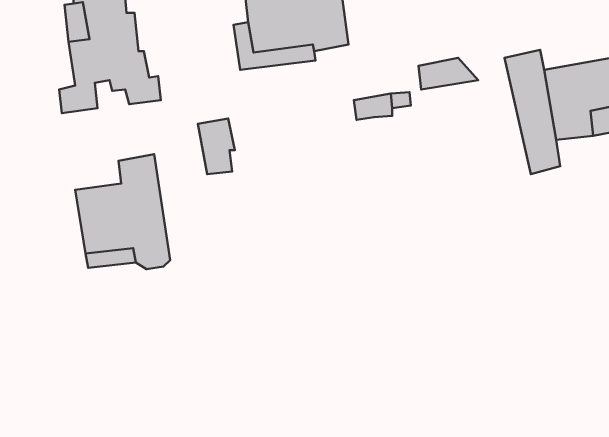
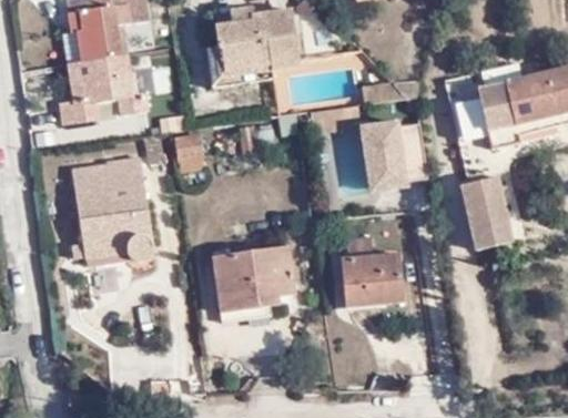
building: none -> [353,125,414,196]
building: none -> [450,173,505,247]
building: none -> [334,239,395,309]
building: none -> [217,241,302,309]

